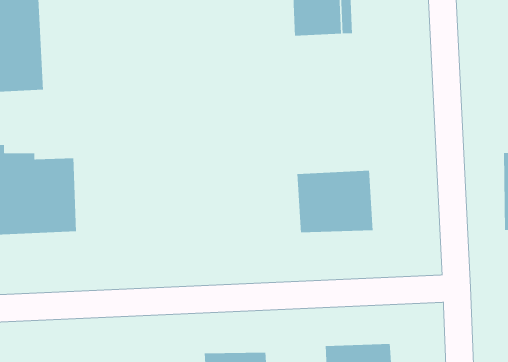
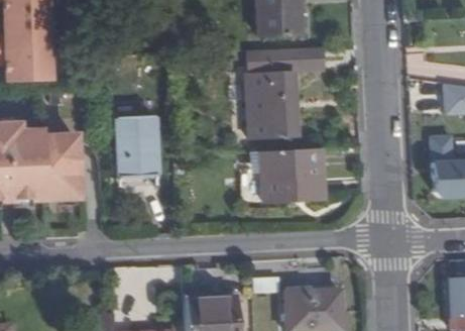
building: none -> [247,44,324,137]
building: none -> [116,114,155,183]

